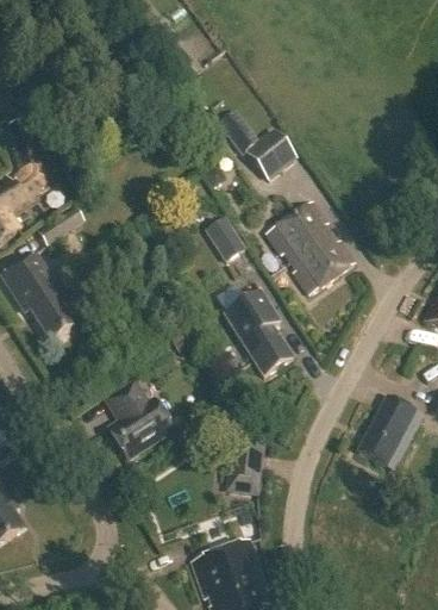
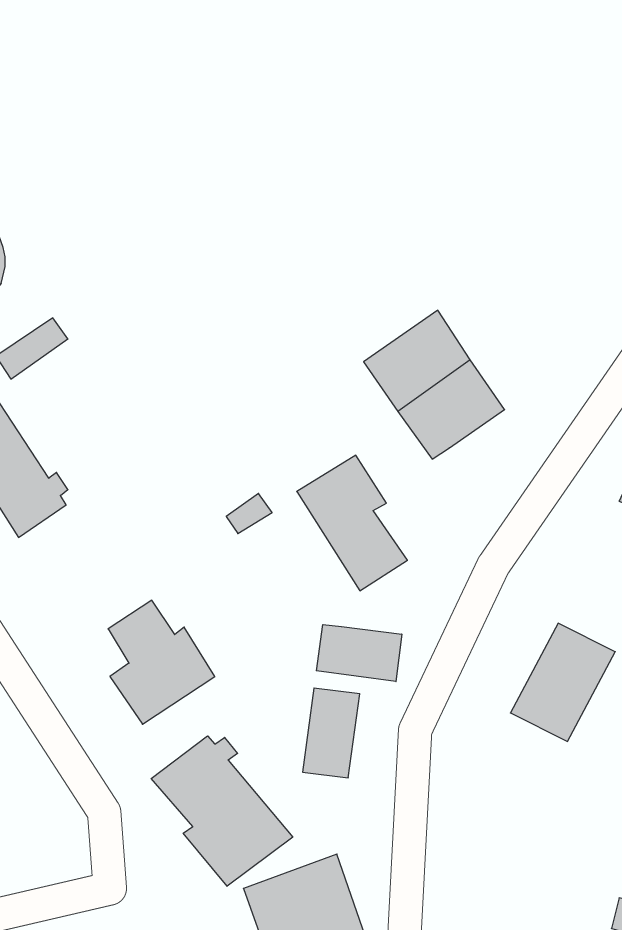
building: [233,123,296,179] -> none
building: [207,217,245,260] -> none
building: none -> [316,625,402,682]
building: none -> [151,736,293,886]

